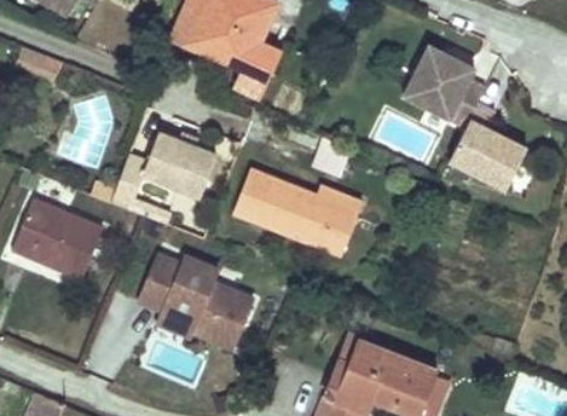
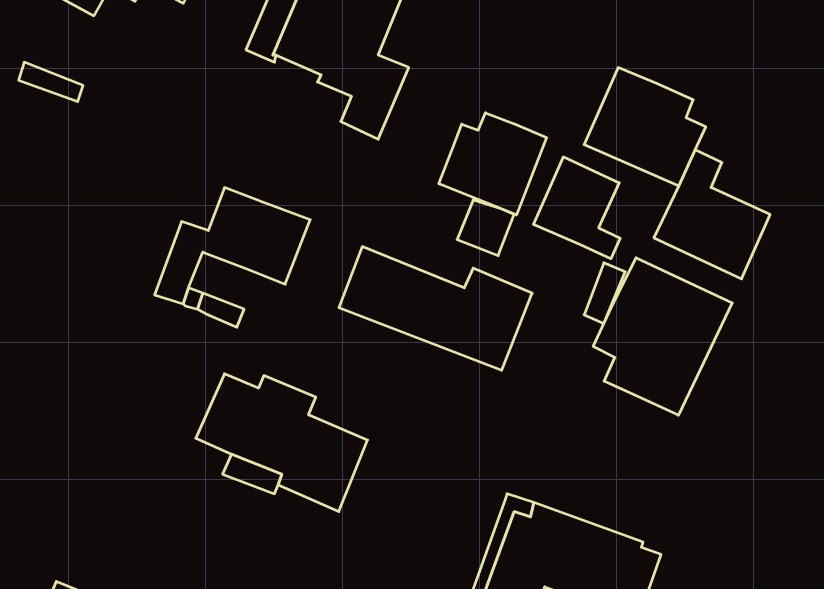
building: none -> [439,113,547,215]
building: none -> [534,157,620,259]
building: none -> [593,258,732,415]
building: [11,198,103,277] -> none

